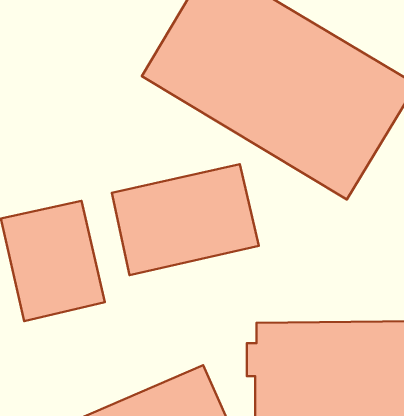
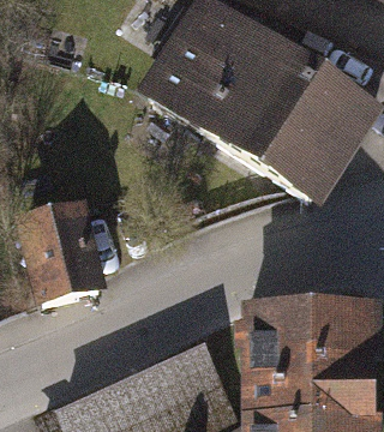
building: [112,164,259,275] -> none

